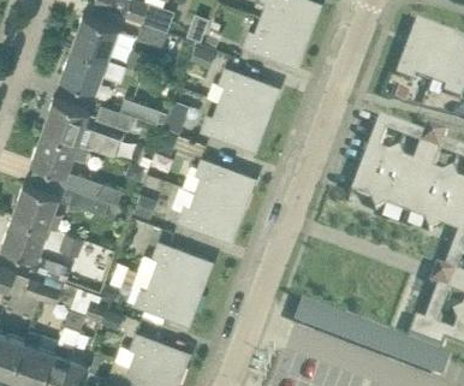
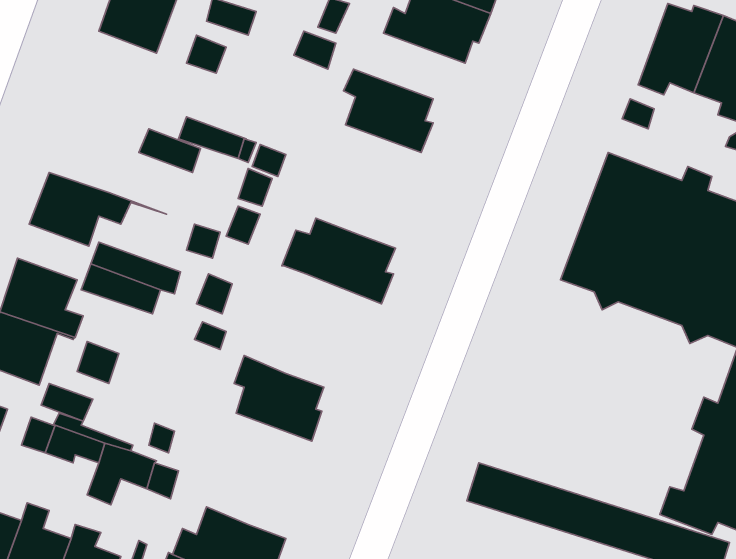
building: [60,46,107,90] -> none
building: [42,99,119,156] -> none
building: [203,102,267,149] -> none
building: [173,186,243,239] -> none
building: [132,269,201,323] -> none

